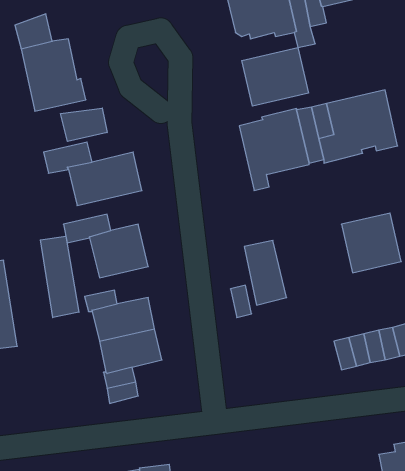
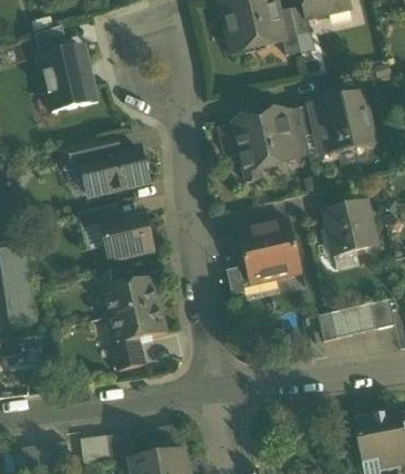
building: [242,48,308,106] -> none
building: [61,108,107,141] -> none
building: none -> [263,219,301,277]
building: [40,236,79,318] -> none

